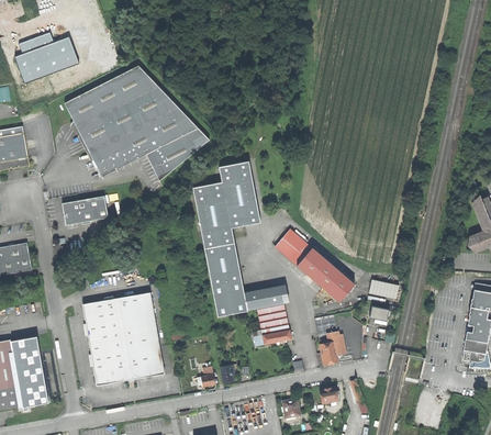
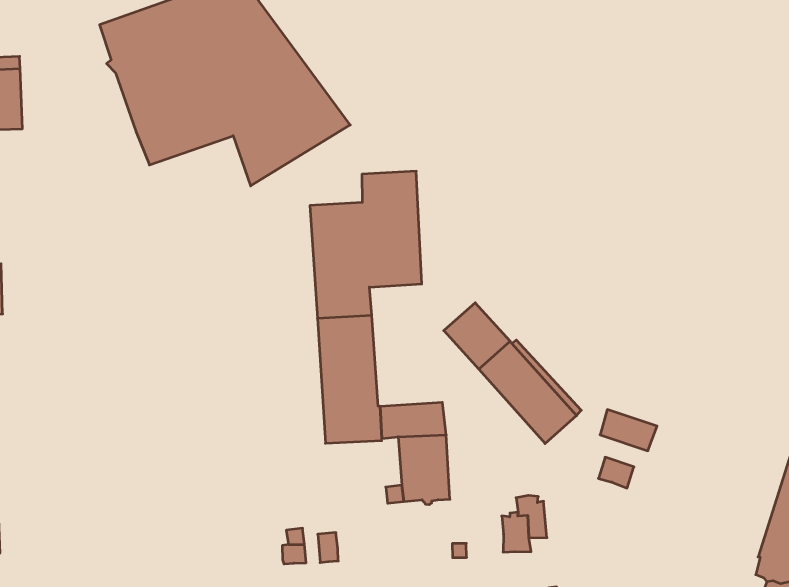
building: [62,197,108,225] -> none
building: [82,293,164,386] -> none

